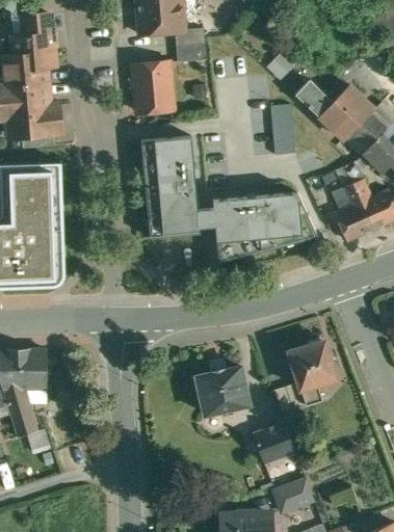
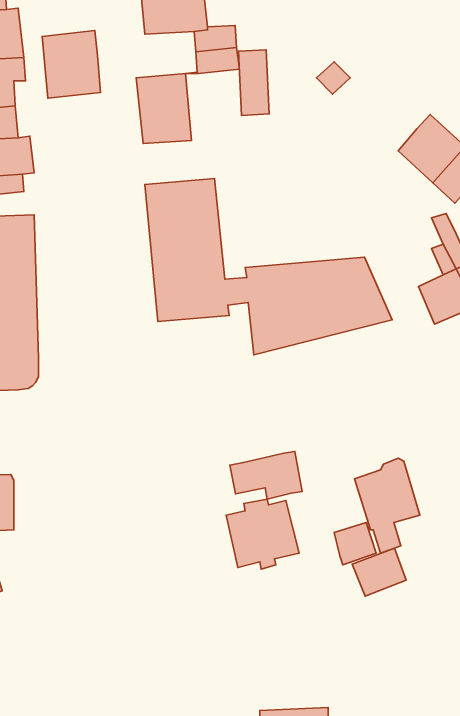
building: none -> [42,30,101,98]
building: [294,78,335,116] -> none
building: [272,105,294,152] -> [239,50,269,115]
building: none -> [230,451,302,499]
building: [257,428,295,462] -> [352,548,406,596]
building: [274,478,315,511] -> none

